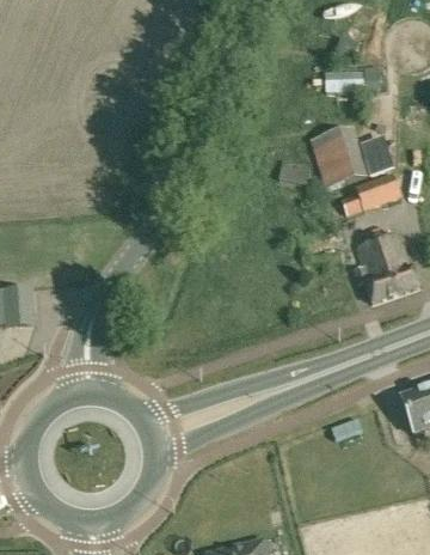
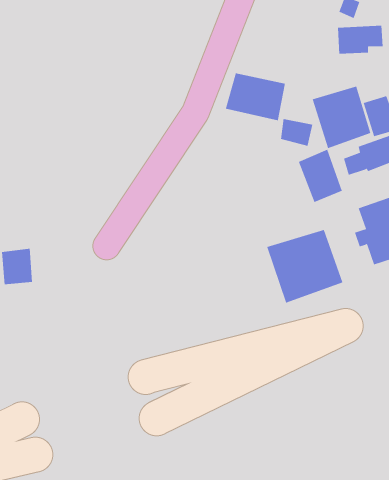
building: none -> [225,72,286,121]
building: none -> [298,149,343,203]
building: none -> [267,229,343,303]

